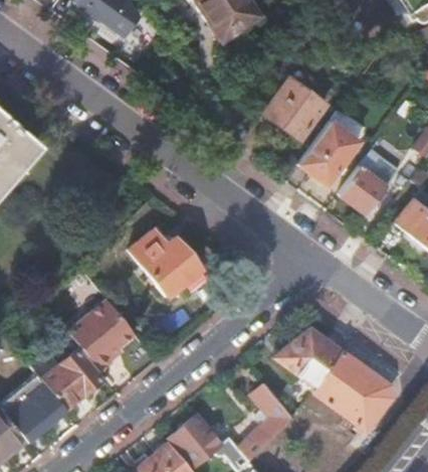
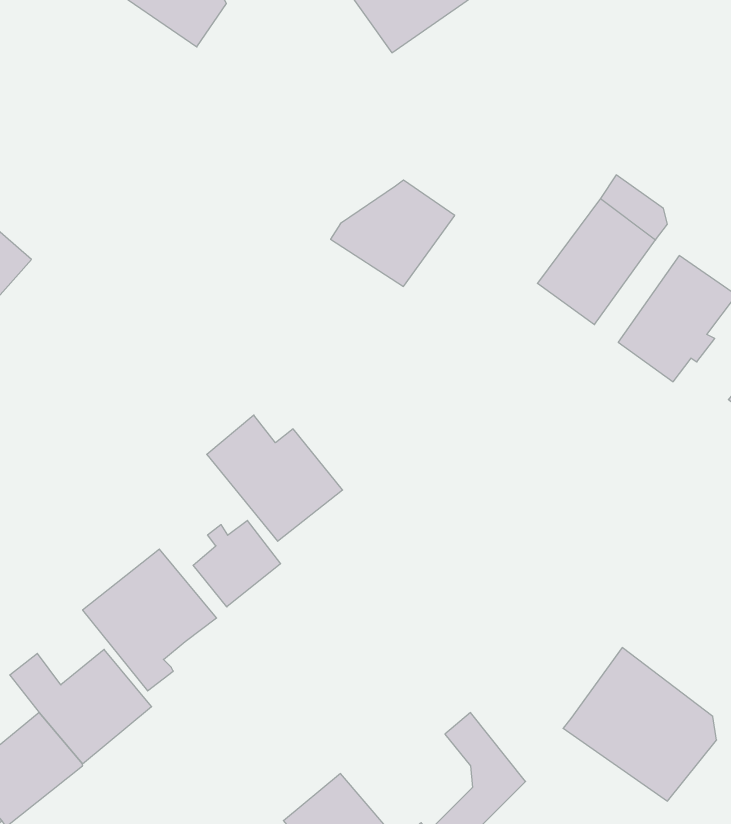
building: [263,85,327,139] -> [331,180,455,286]
building: none -> [193,520,281,607]
building: [274,327,342,385] -> none

